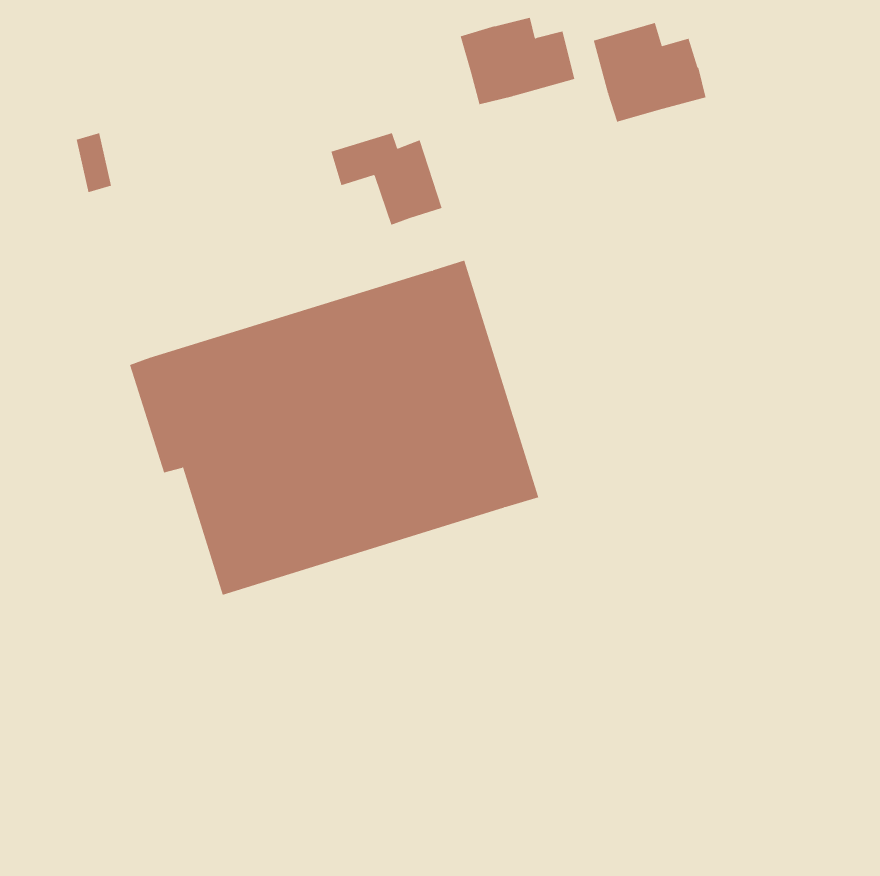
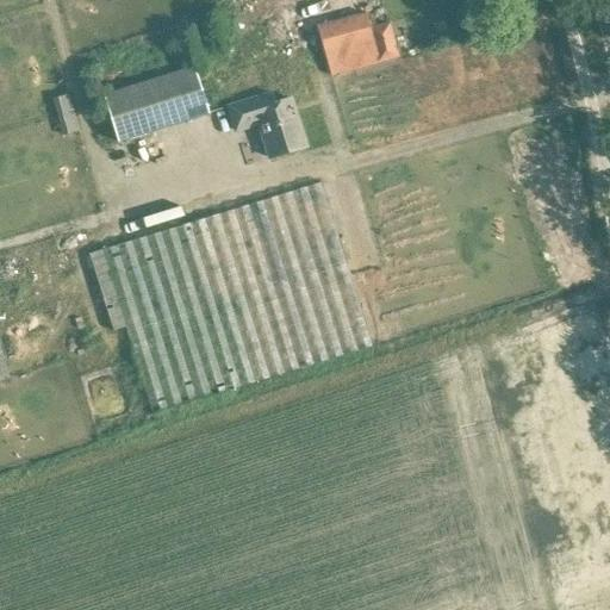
building: [593,22,706,122] -> none
building: none -> [104,66,210,142]

